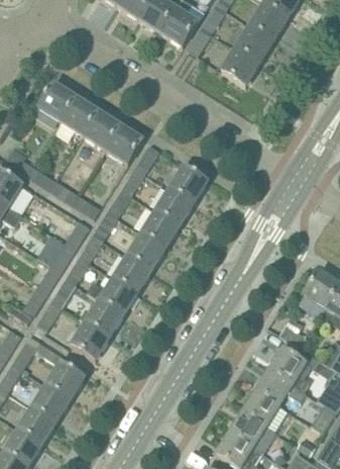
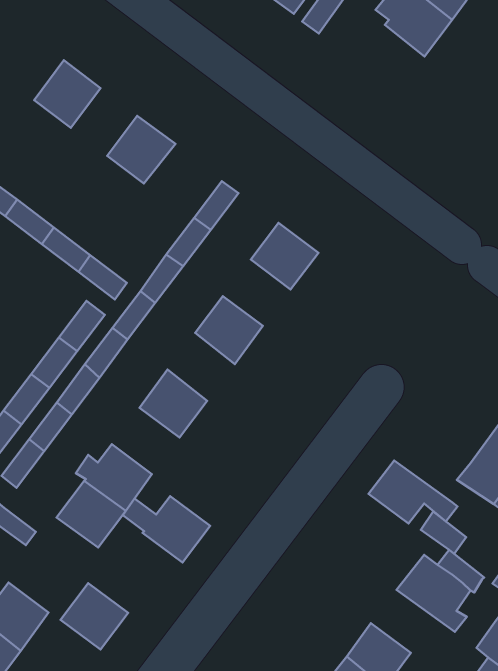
building: [221,46,259,85] -> none
building: [61,96,98,134] -> none
building: [105,124,143,163] -> none
building: [155,187,194,224] -> none
building: [127,231,165,270] -> none
building: [87,277,137,314] -> [123,496,210,563]
building: [46,361,85,398] -> [60,583,128,650]
building: [255,369,307,404] -> [369,461,458,524]

